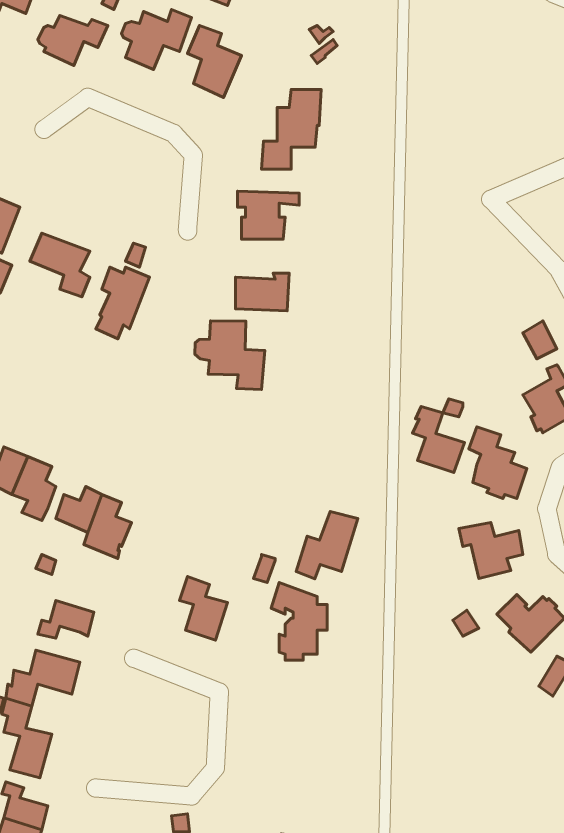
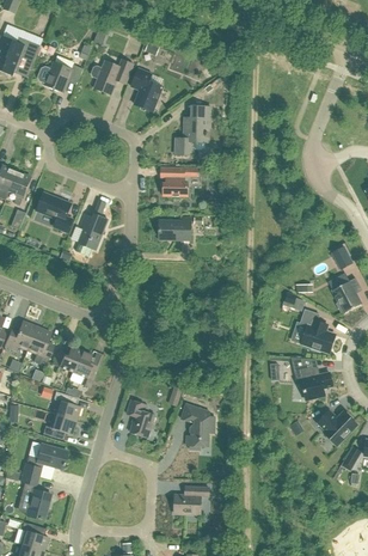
building: [195,321,265,389] -> none
building: [412,406,464,472] -> none
building: [296,511,358,579] -> none
building: none -> [51,391,79,420]
building: none -> [173,485,208,513]

